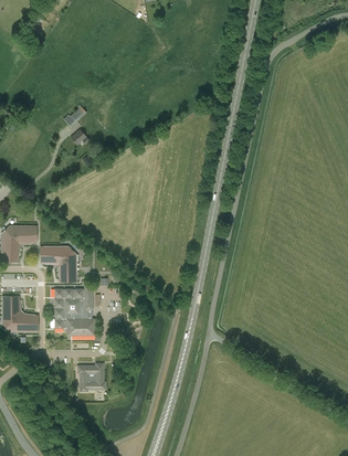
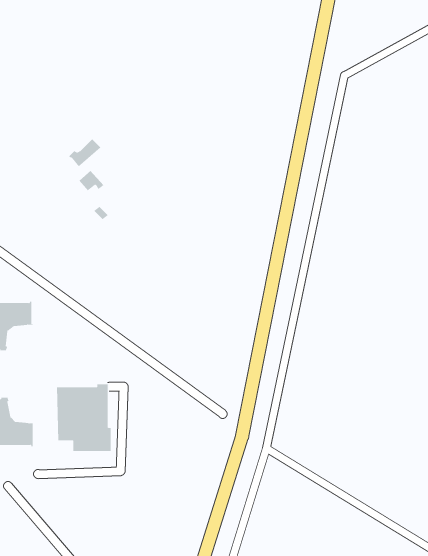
building: [40,246,76,283] -> none
building: [77,363,106,391] -> none

